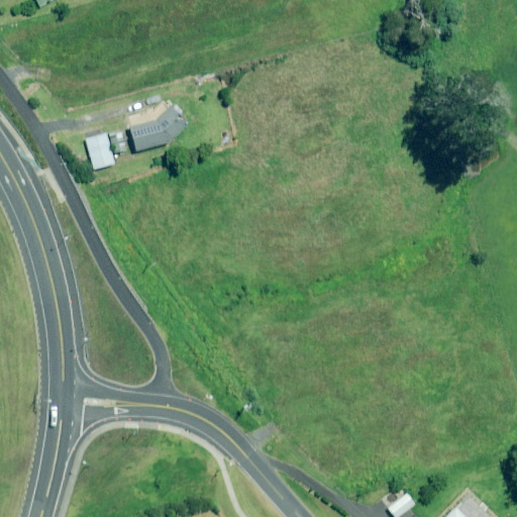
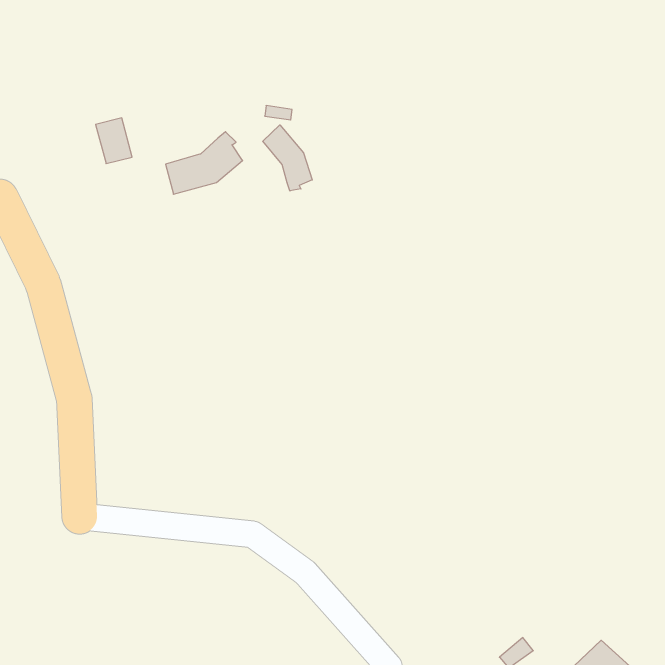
building: none -> [263,125,312,191]
building: [86,134,114,170] -> [96,118,132,164]

